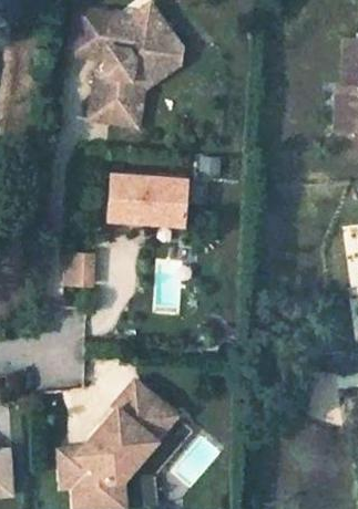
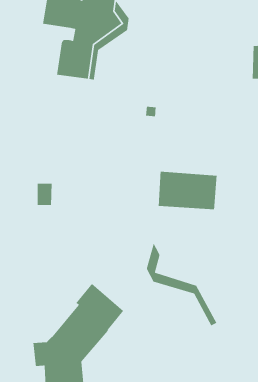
building: [111,176,186,226] -> [158,171,217,210]
building: none -> [146,242,217,326]

